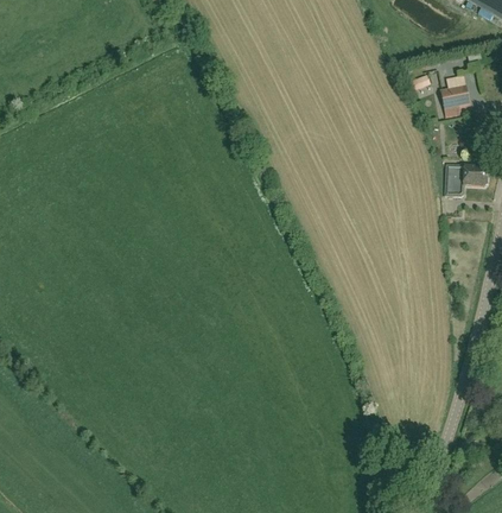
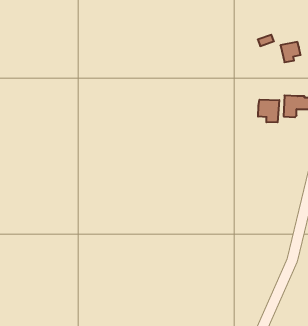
building: none -> [258,100,279,122]

